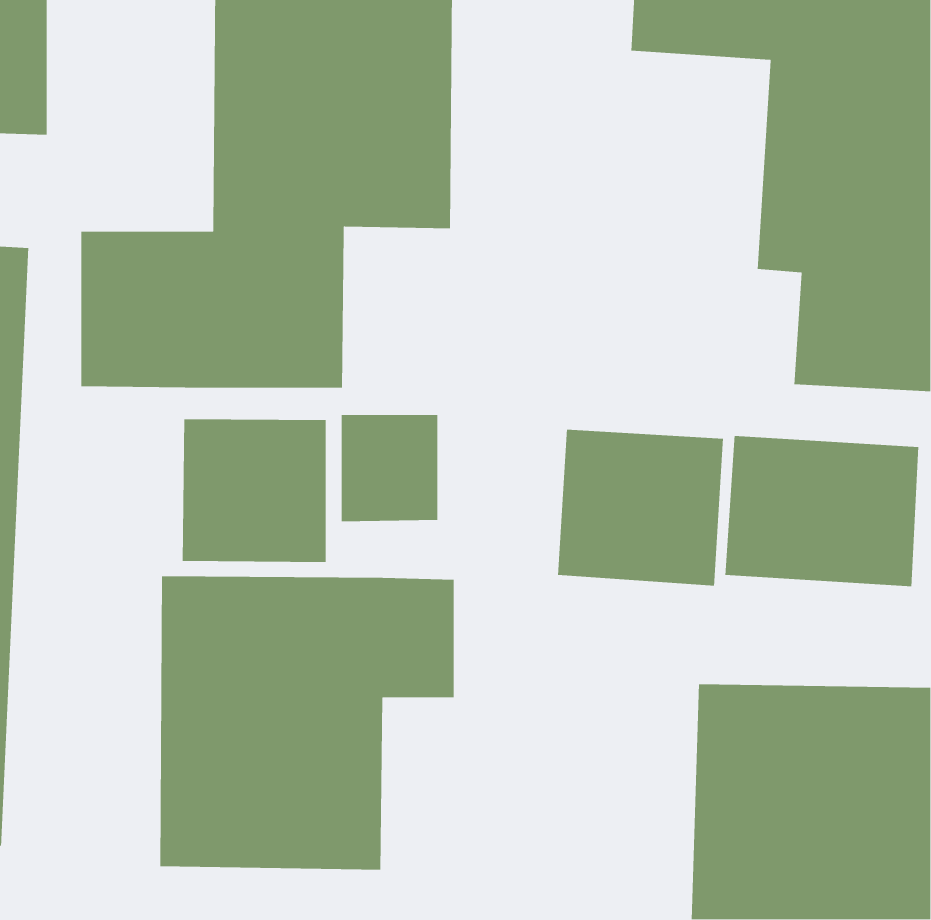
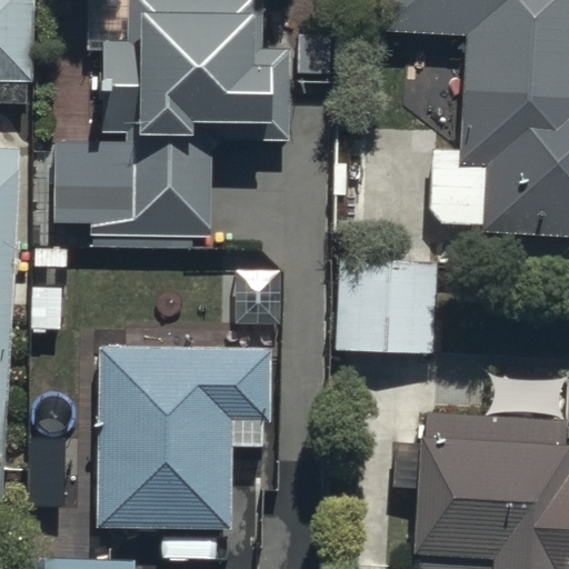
building: [182,418,327,563] -> none
building: [724,435,919,587] -> none

